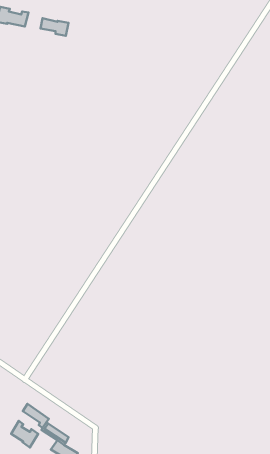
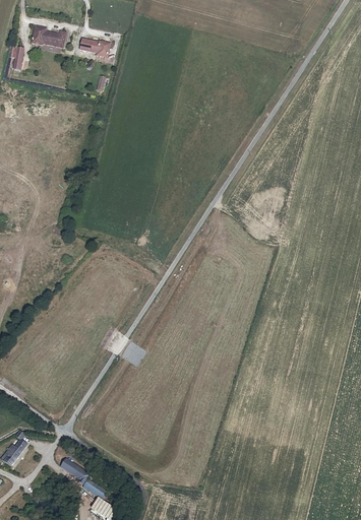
building: [11,421,38,447] -> none

